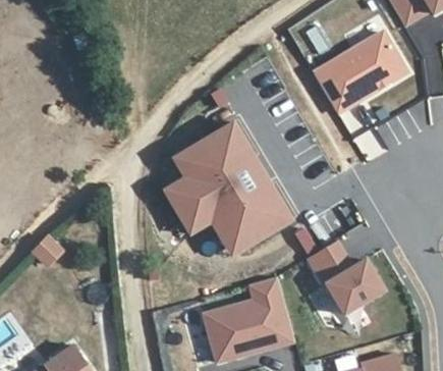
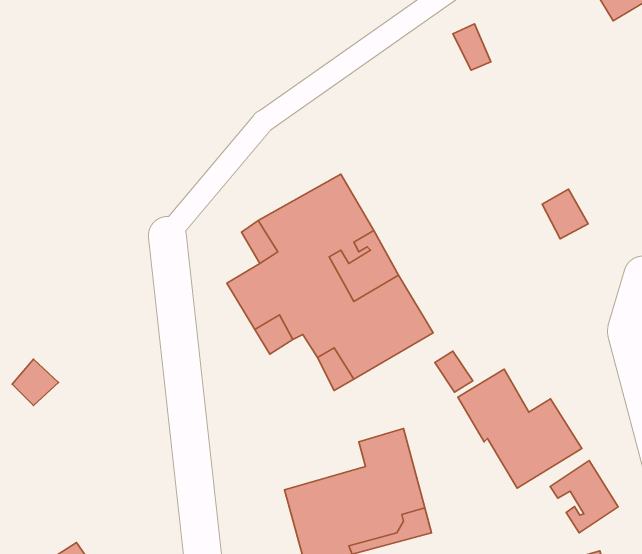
building: [312,31,406,114] -> none
building: none -> [550,461,618,533]

